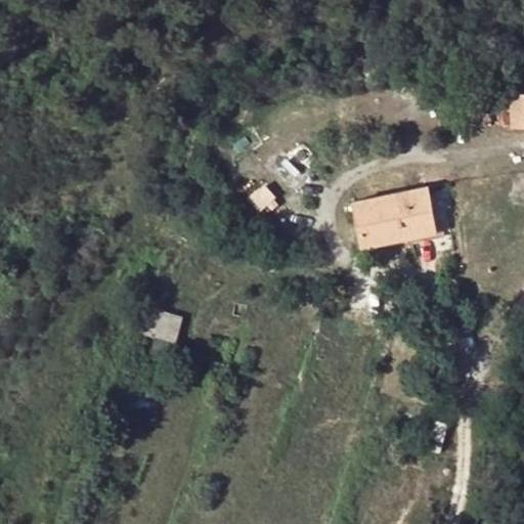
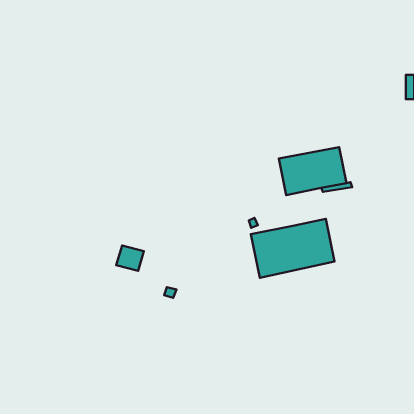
building: none -> [251,219,334,278]

